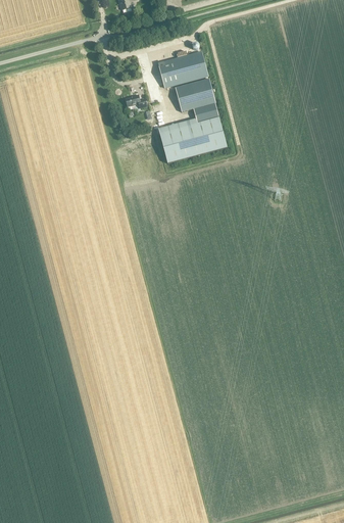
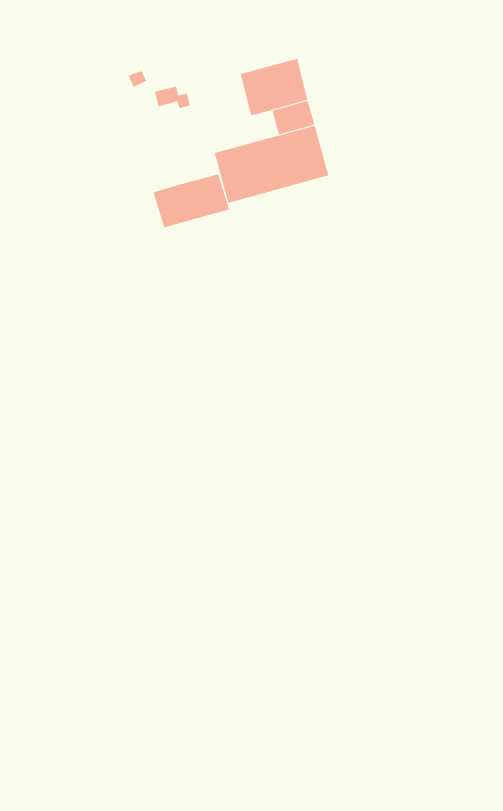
building: [157,50,207,86] -> none
building: none -> [153,174,230,228]

